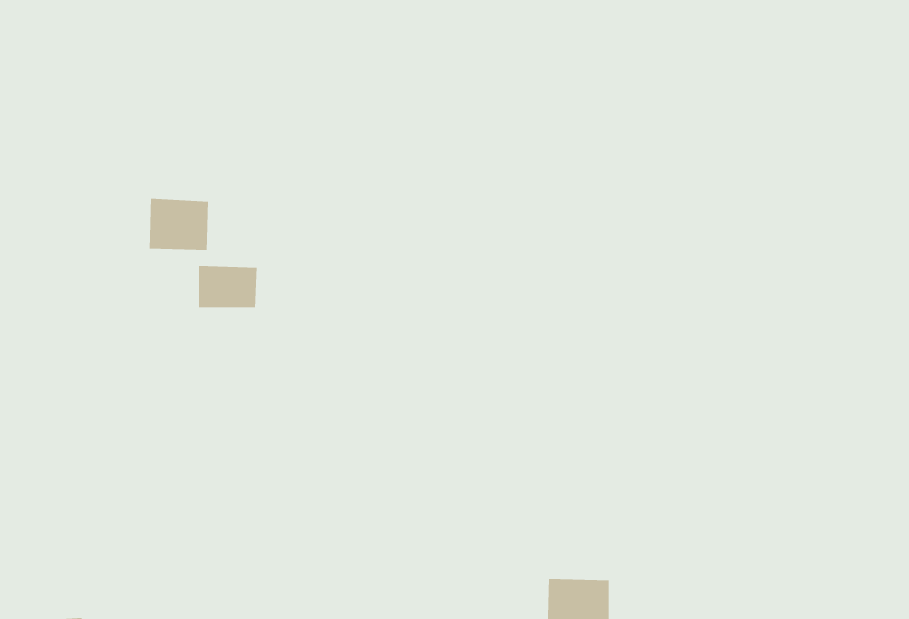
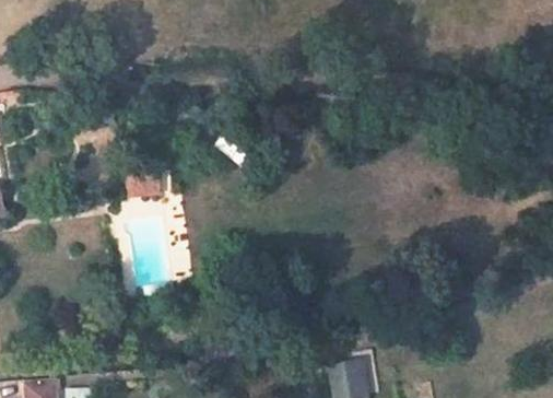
building: [149,198,209,251] -> none

